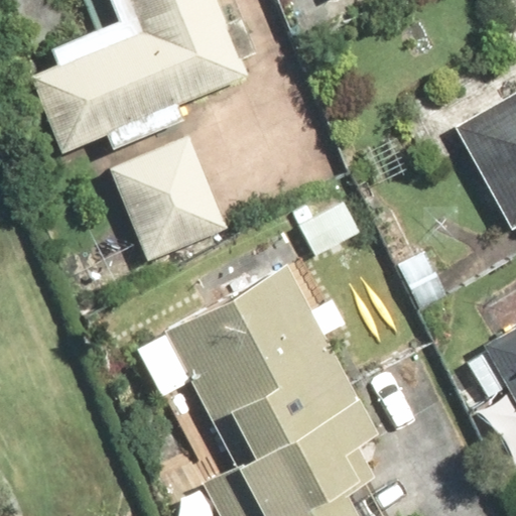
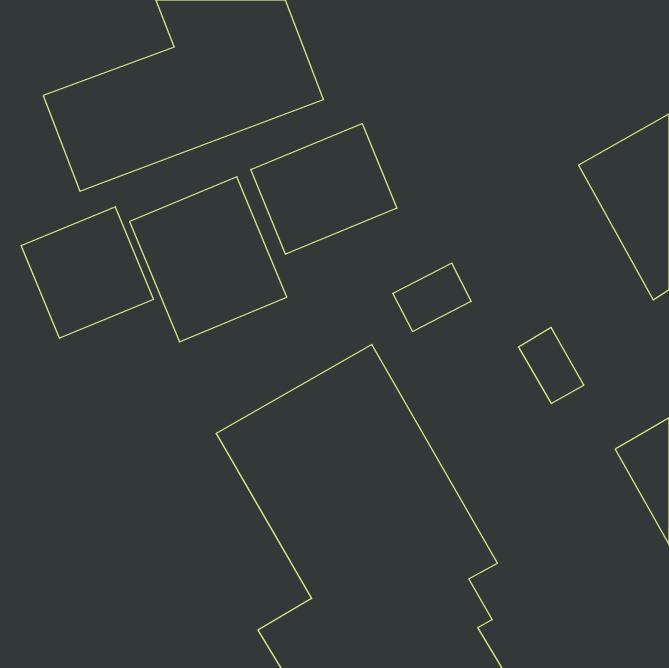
building: none -> [251,124,397,254]
building: none -> [21,207,153,338]

